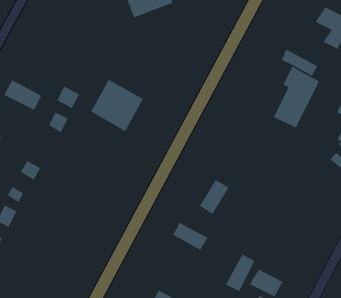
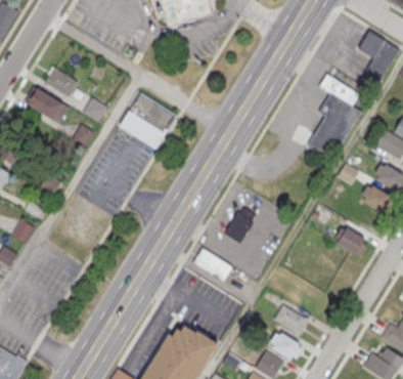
building: none -> [44,67,80,97]
building: none -> [335,227,364,253]
building: [225,254,255,292] -> none

